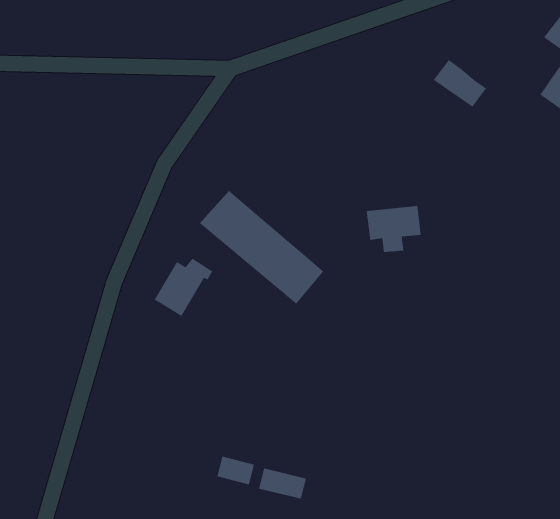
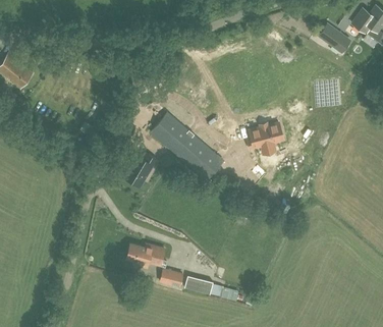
building: [433,59,487,108] -> [319,23,350,52]
building: none -> [127,243,165,267]

